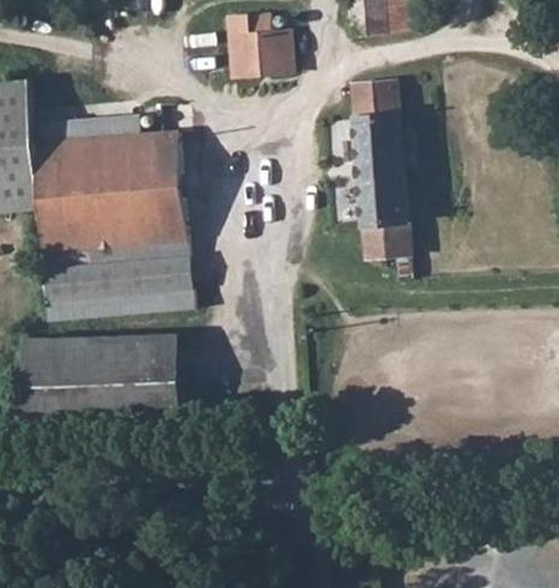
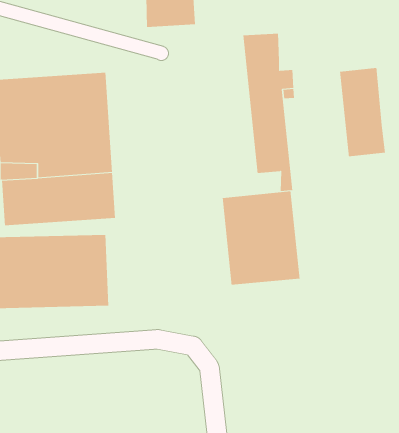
building: none -> [340,67,386,157]
building: none -> [222,191,300,286]

